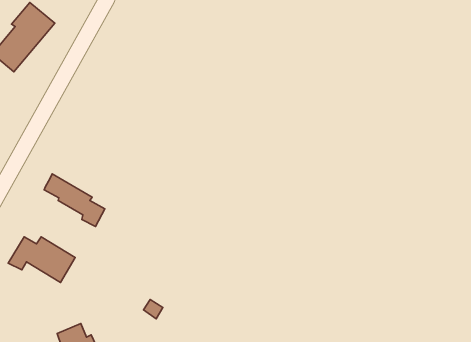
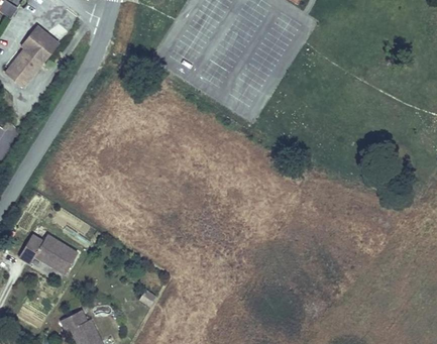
building: [44,174,105,226] -> none

